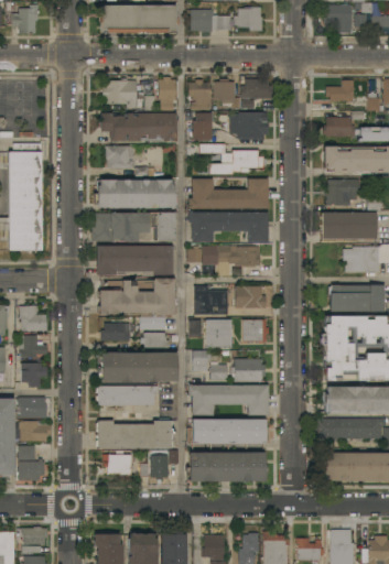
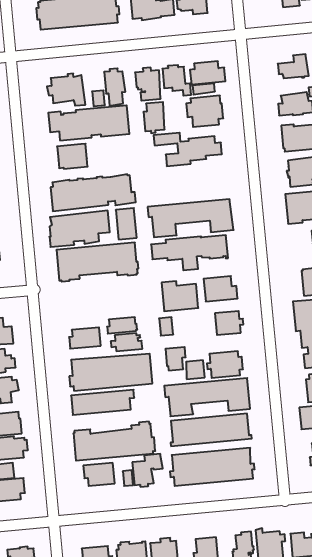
building: [188,178,268,208] -> none
building: [99,278,175,317] -> none
building: [206,318,233,347] -> none

